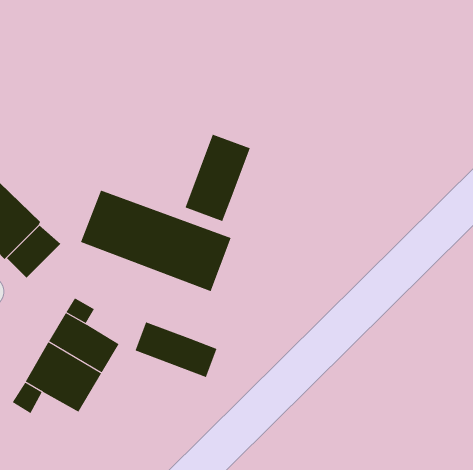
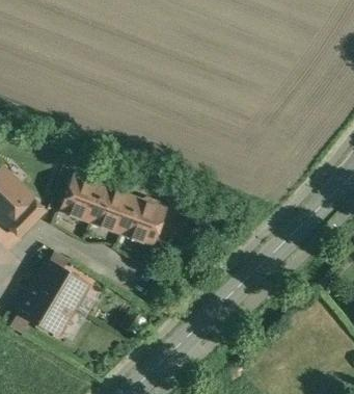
building: [185,134,250,222] -> none
building: [135,322,217,378] -> none

